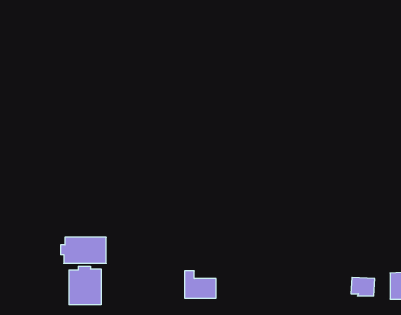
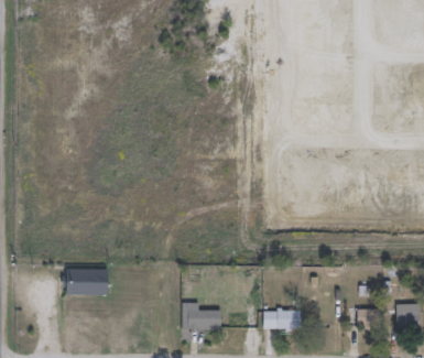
building: [69,266,101,305] -> none
building: none -> [261,308,300,332]

